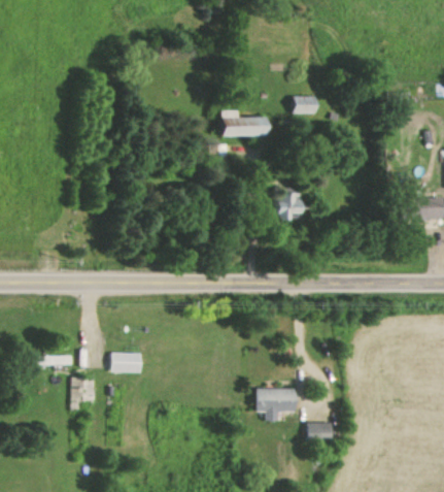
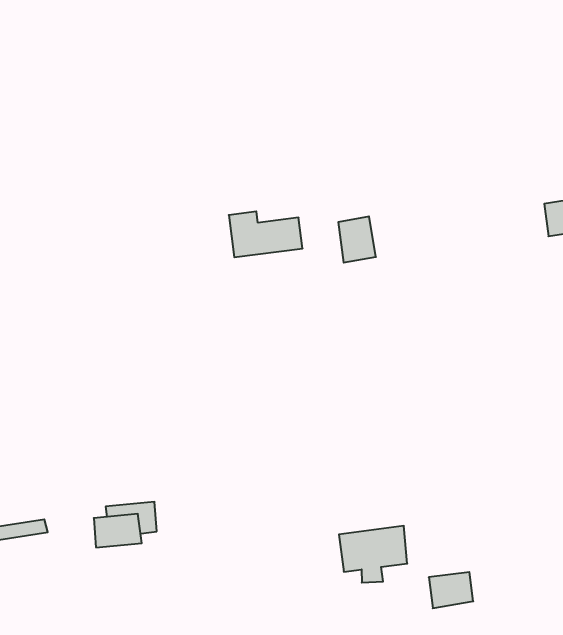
building: [293,95,316,113] -> none
building: [218,109,262,136] -> [229,211,303,257]
building: [73,376,97,409] -> none

